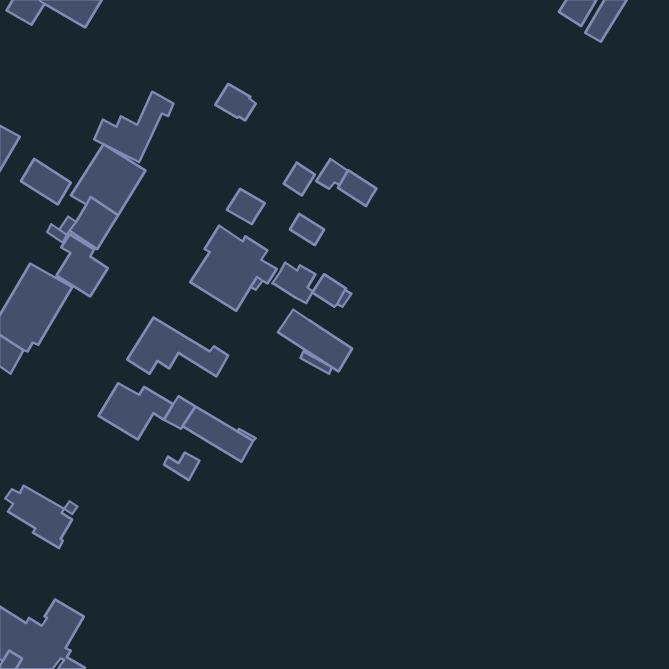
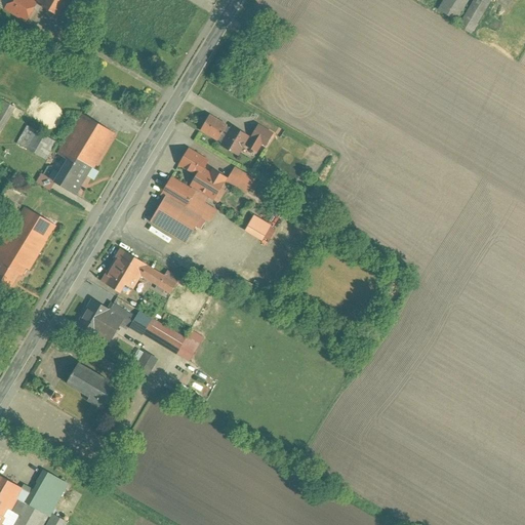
building: [215,84,256,120] -> [199,114,231,143]
building: [94,91,174,162] -> none
building: [338,170,377,206] -> none
building: [56,234,108,296] -> none
building: [272,263,315,303] -> [191,168,225,200]
building: [278,310,352,372] -> none
building: [5,485,72,548] -> [63,362,115,411]

